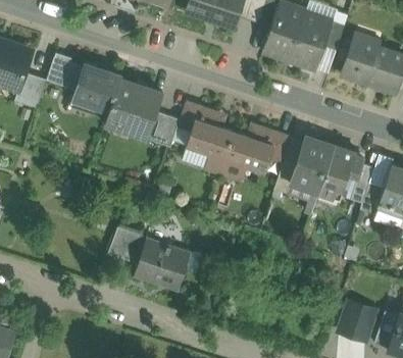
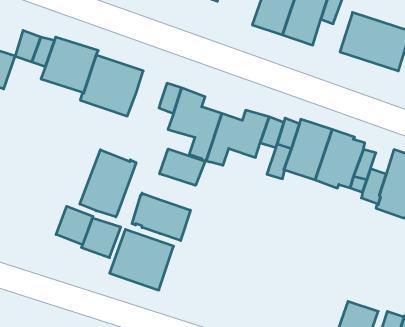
building: [147,112,180,147] -> none
building: none -> [160,149,205,185]
building: none -> [80,150,136,217]
building: none -> [132,193,190,241]
building: none -> [56,206,93,245]

